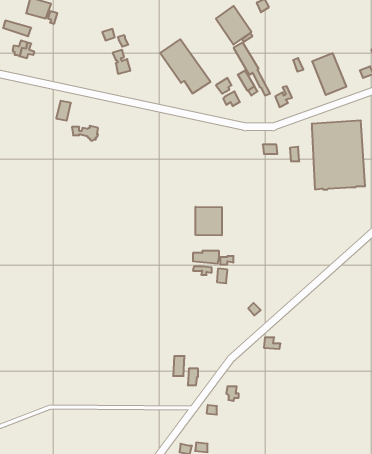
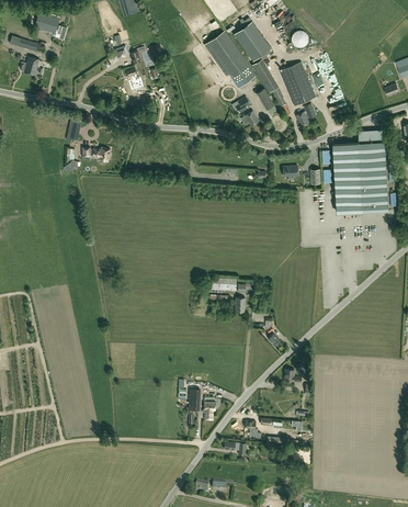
building: [160,39,210,93] -> [203,30,256,87]
building: [312,53,346,95] -> [279,61,315,105]
building: [196,207,222,235] -> none

